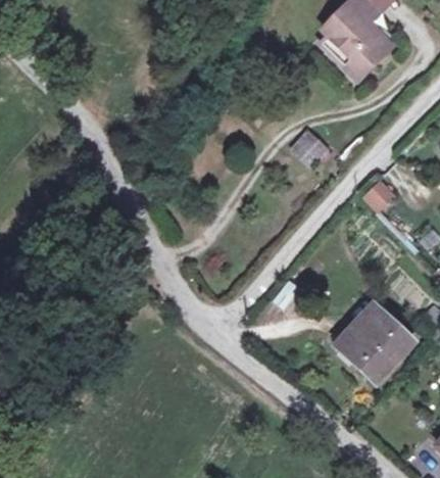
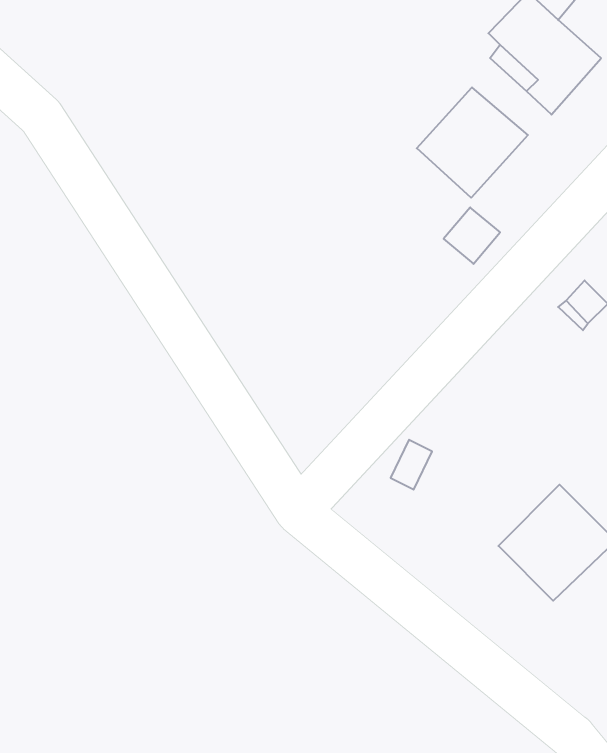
building: none -> [417,87,528,198]

